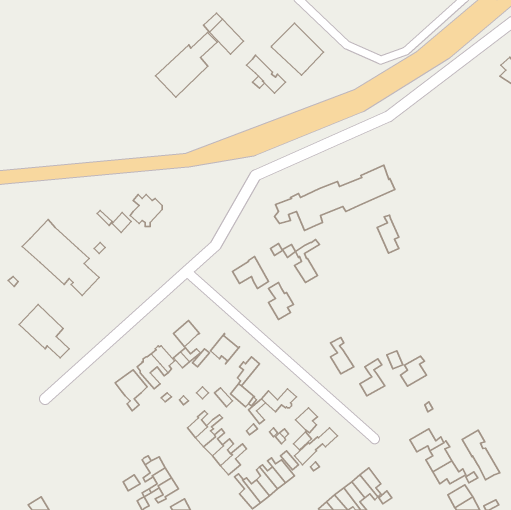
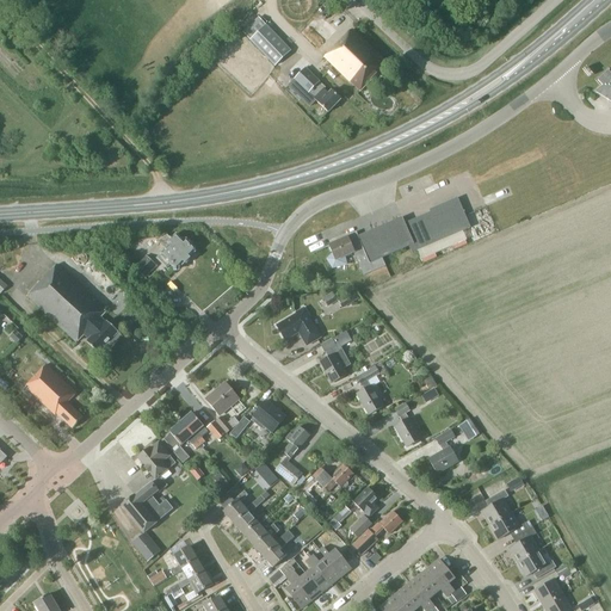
building: [156,33,217,97] -> none
building: [377,215,399,253] -> none
building: [295,239,320,283] -> [357,362,387,413]
building: [400,356,426,386] -> [481,488,512,524]
building: none -> [122,481,173,561]
building: [462,430,500,480] -> none

